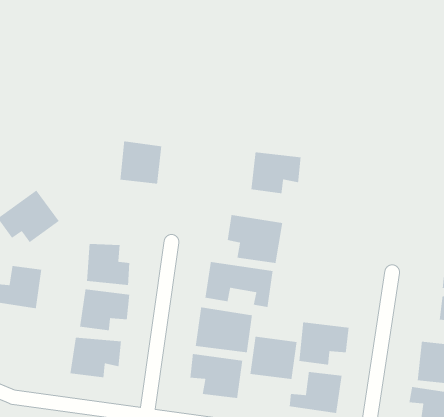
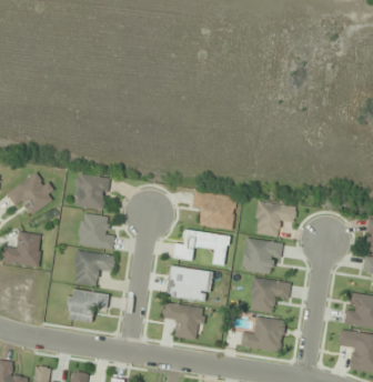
building: [119,140,162,184] -> [73,173,108,209]
building: [251,151,302,194] -> [253,201,294,235]
building: [249,336,298,380] -> [241,238,280,273]

